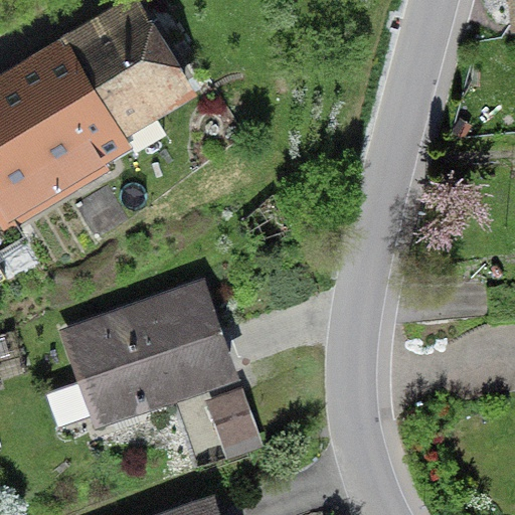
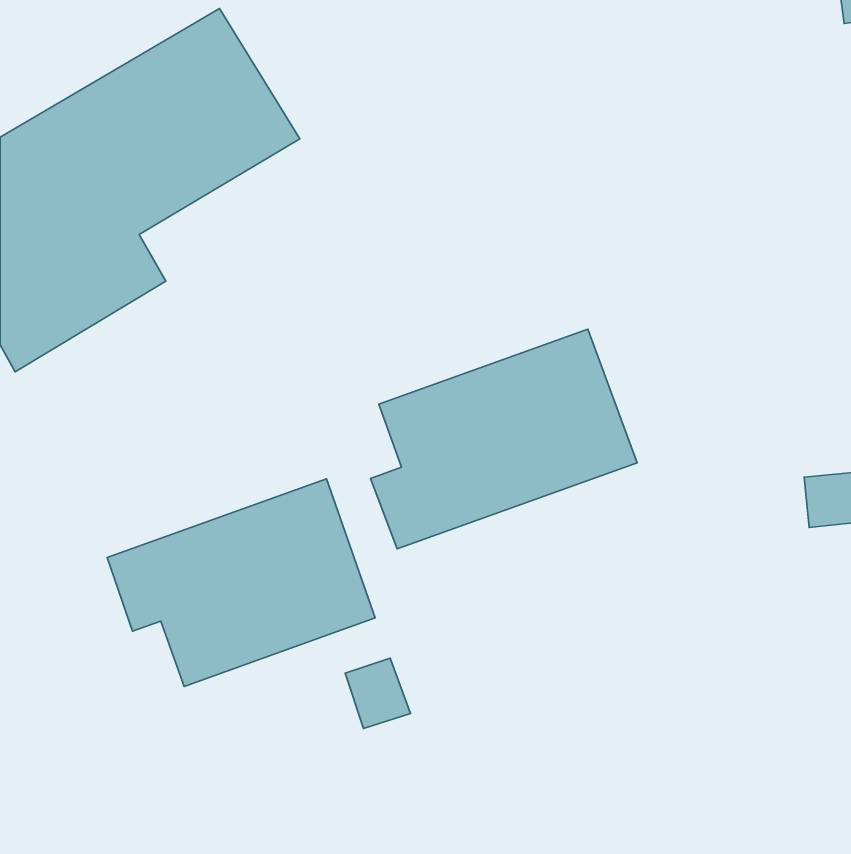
building: none -> [371,329,637,549]

